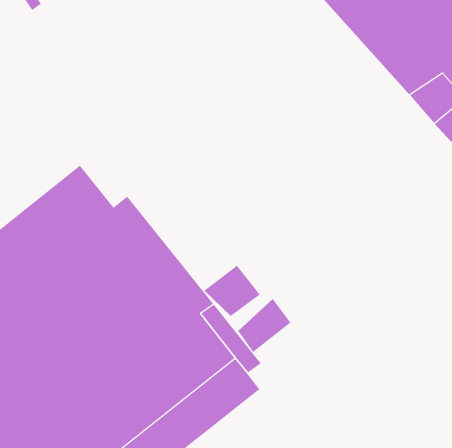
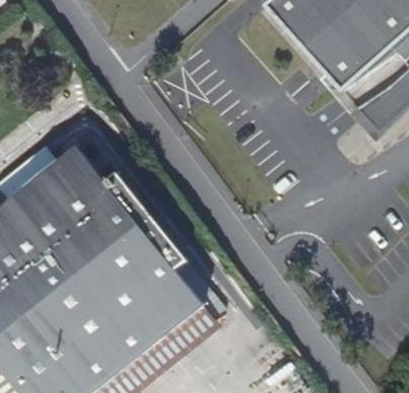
building: [204,265,261,317] -> none
building: [237,298,291,353] -> none

